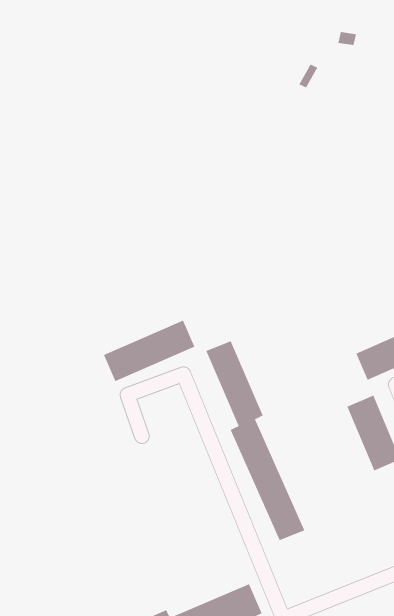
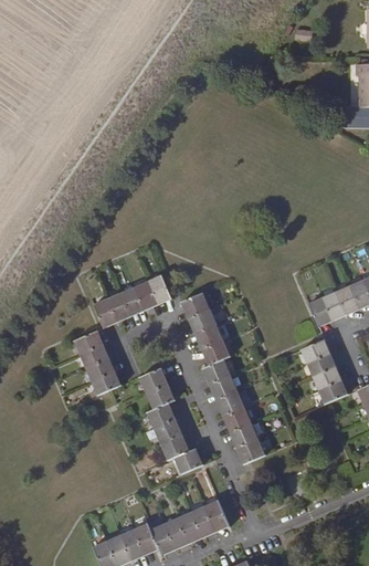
building: none -> [73,331,120,395]
building: none -> [138,367,202,473]

